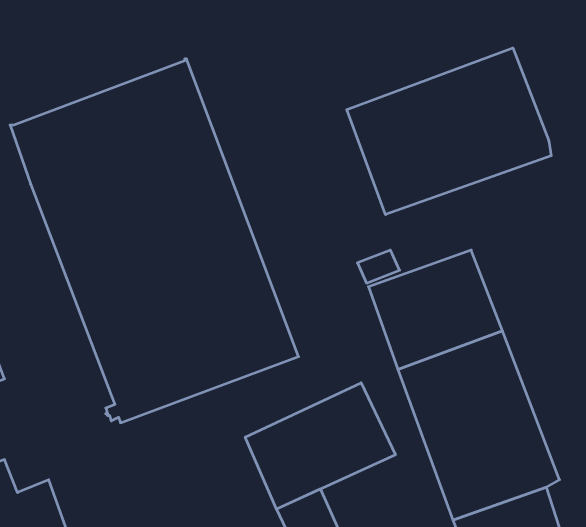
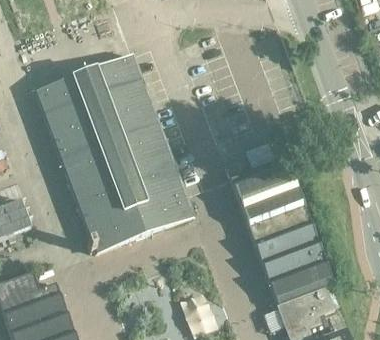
building: [347,48,551,215] -> none
building: [245,383,395,509] -> none

